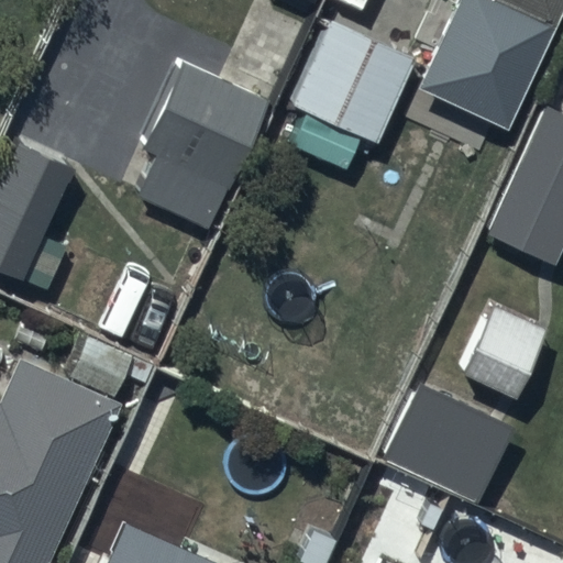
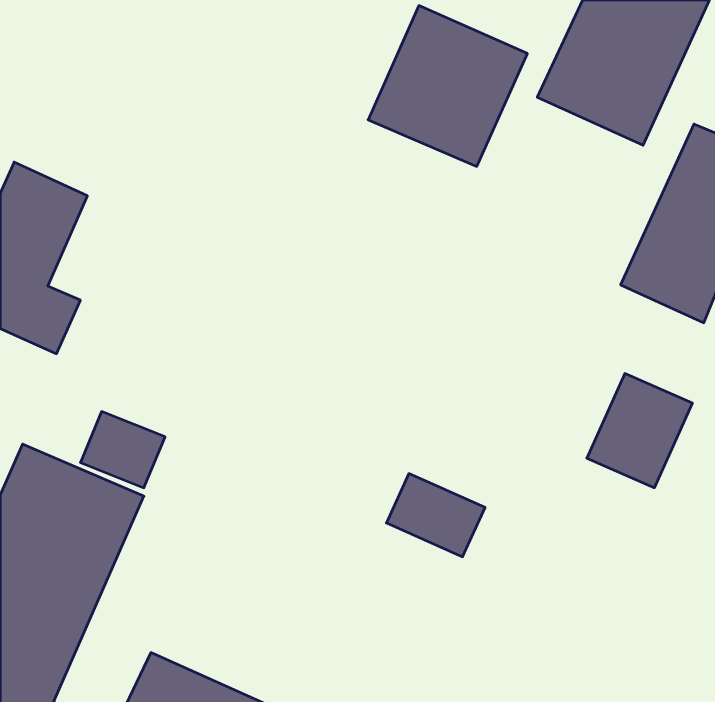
building: [137,64,265,230] -> none
building: [385,385,510,501] -> none

